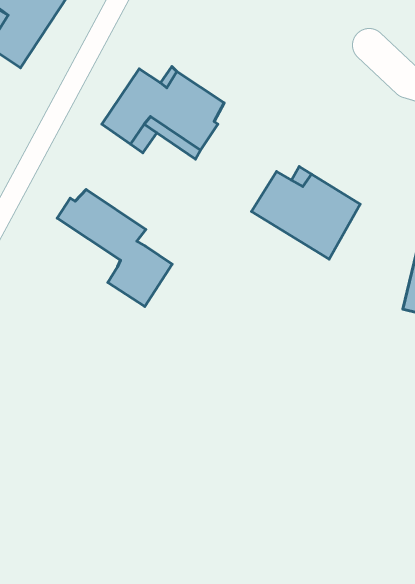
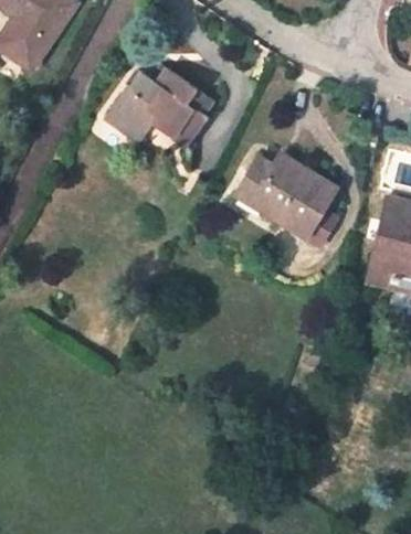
building: [57,189,172,307] -> none

